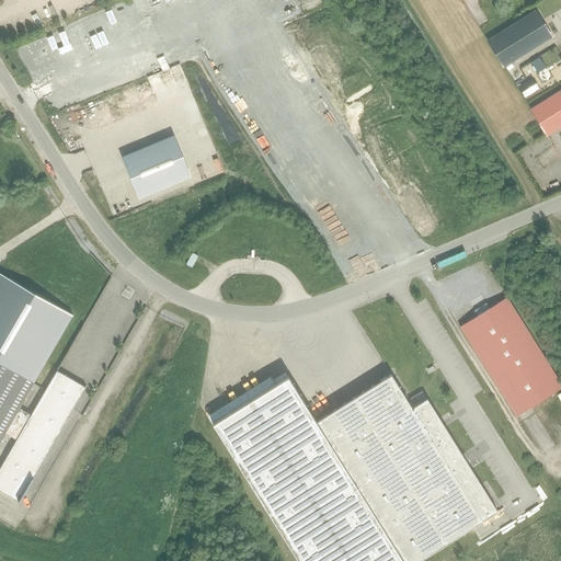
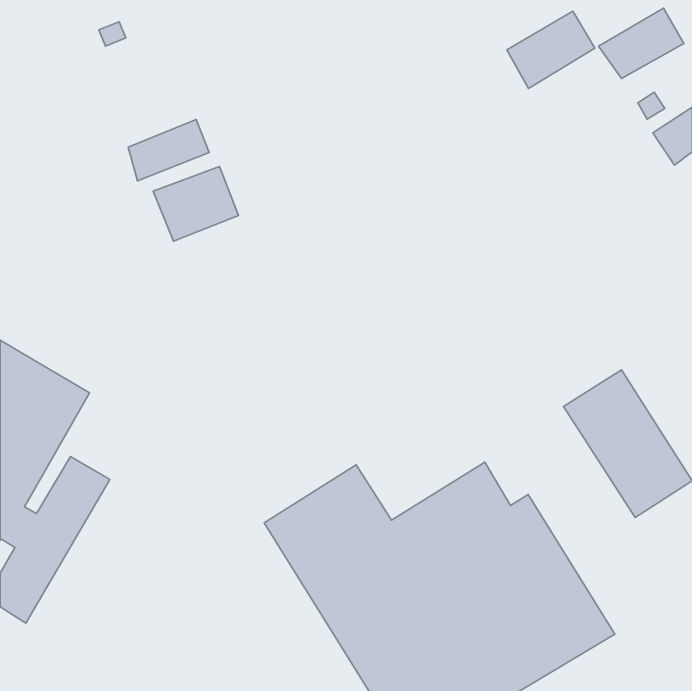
building: none -> [507,11,595,88]
building: none -> [128,120,209,181]

